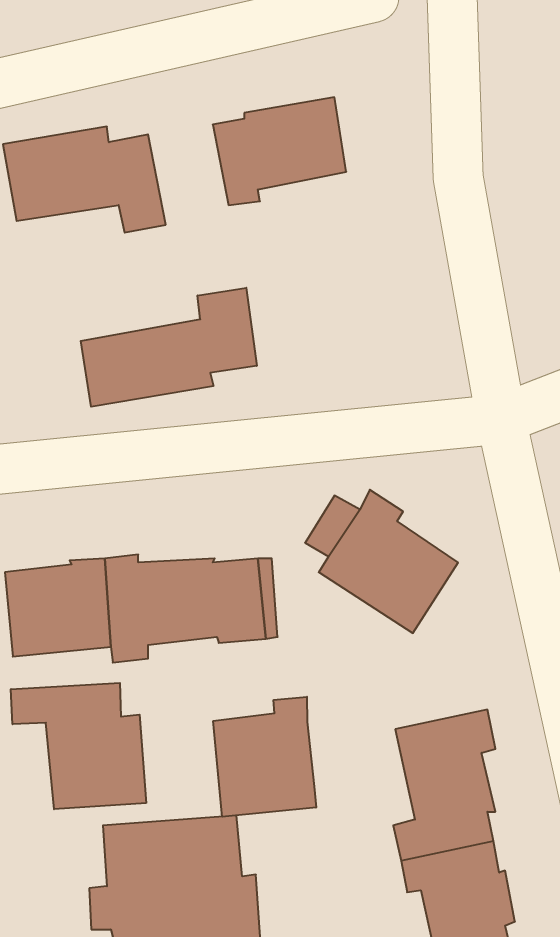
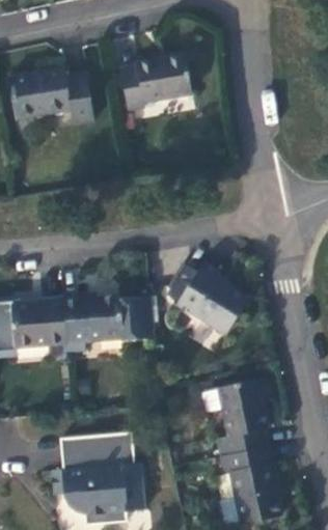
building: [81,288,257,407] -> none
building: [11,683,146,809] -> none
building: [213,697,316,817] -> none

